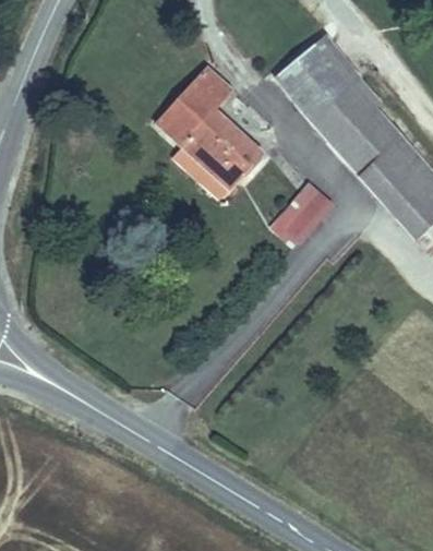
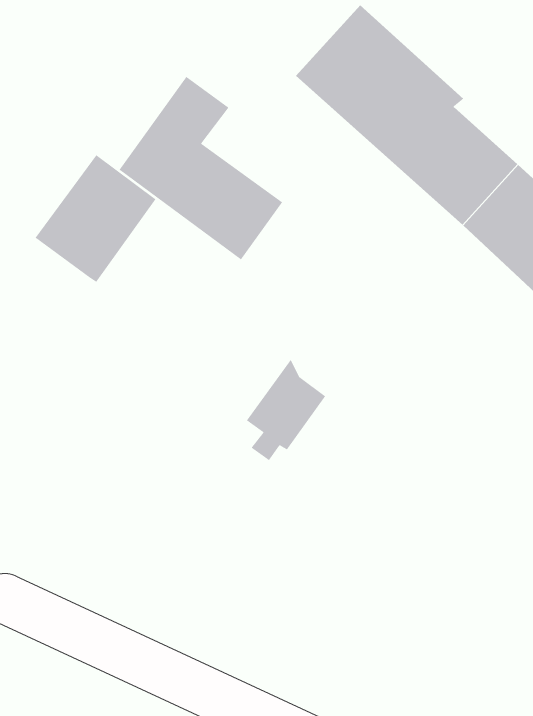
building: none -> [34,154,157,283]
building: [276,185,328,249] -> [246,358,326,461]

